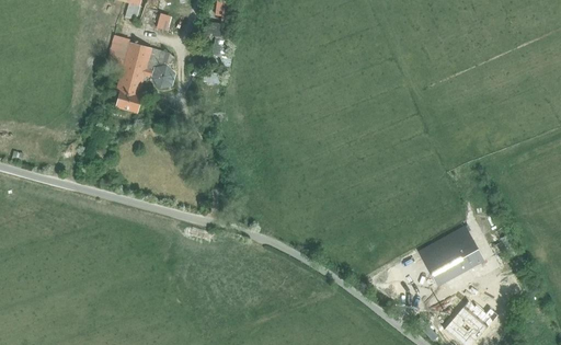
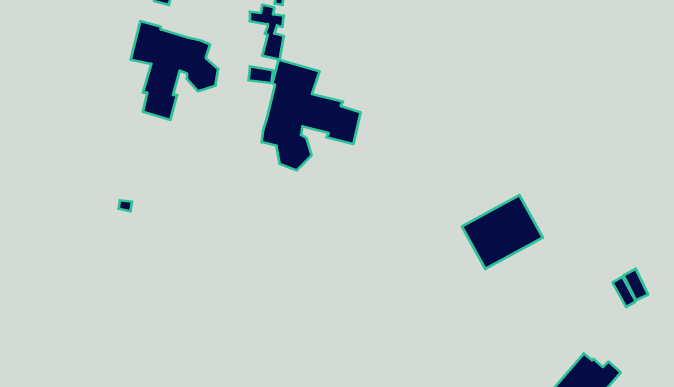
building: none -> [262,60,361,170]
building: [419,226,483,285] -> [462,195,543,269]

